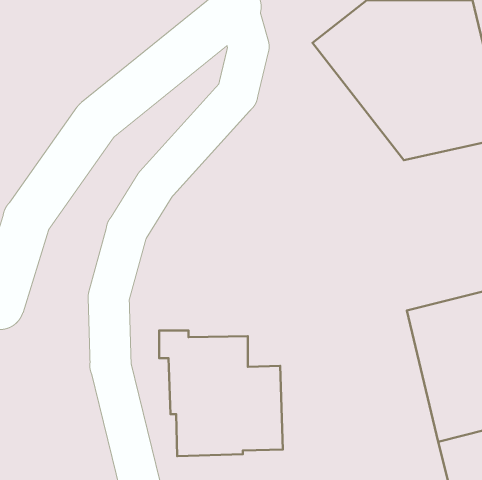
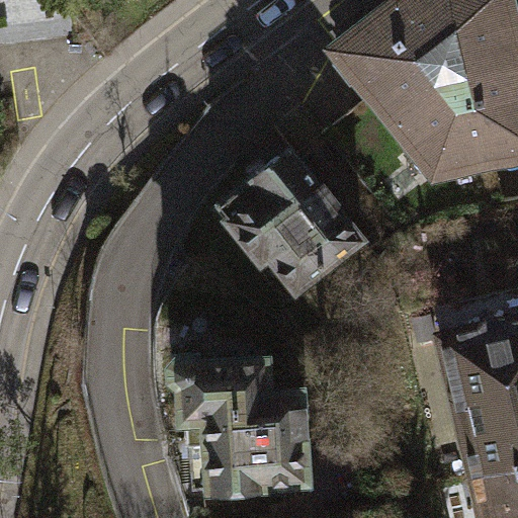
building: none -> [219,140,366,294]

